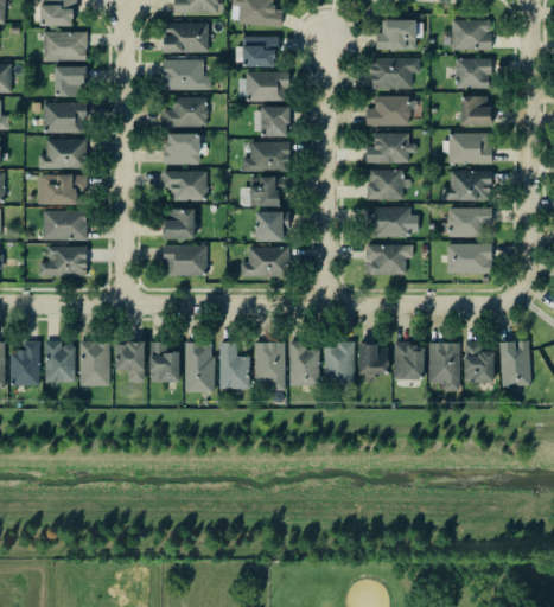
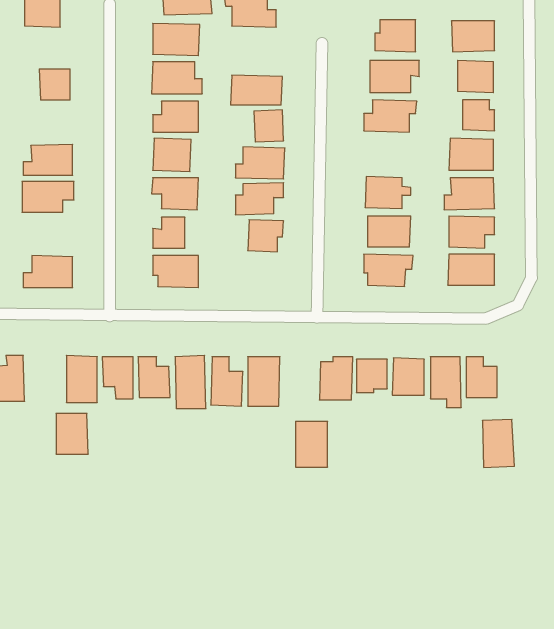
building: [44,32,87,62] -> none
building: [243,37,278,66] -> none
building: [44,102,85,133] -> none
building: [367,133,416,164] -> none
building: [44,210,87,241] -> none
building: [241,247,288,276] -> none
building: [501,340,531,386] -> [482,419,514,467]
building: [45,343,76,382] -> [56,413,88,454]
building: [289,343,320,386] -> [296,421,328,467]

